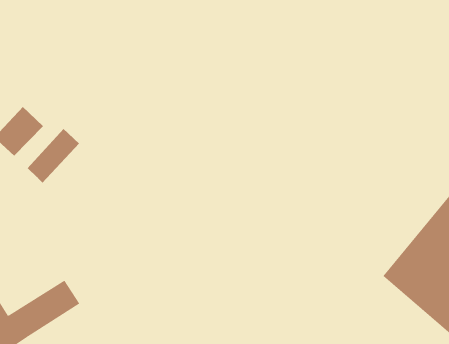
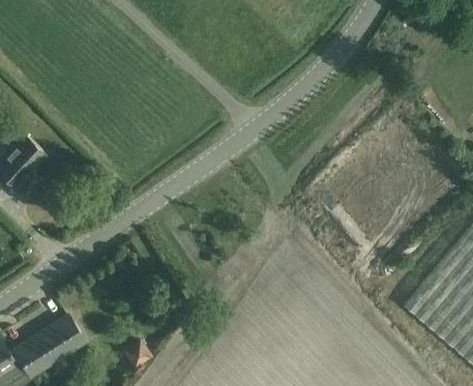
building: [27,128,80,183] -> none

